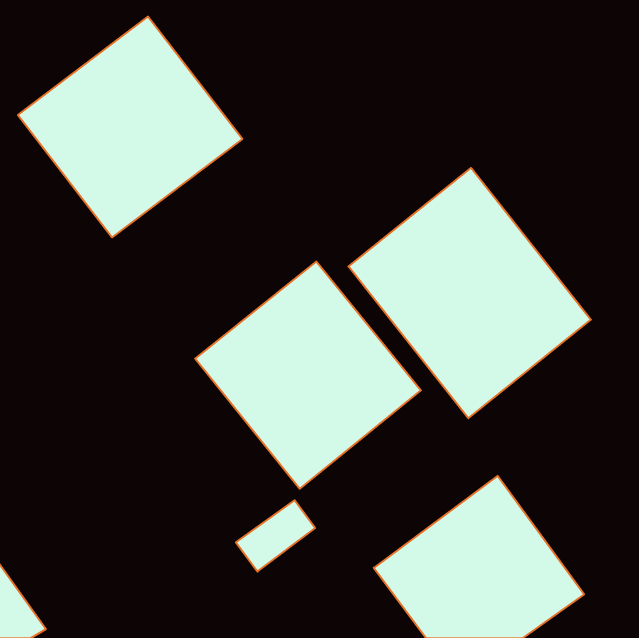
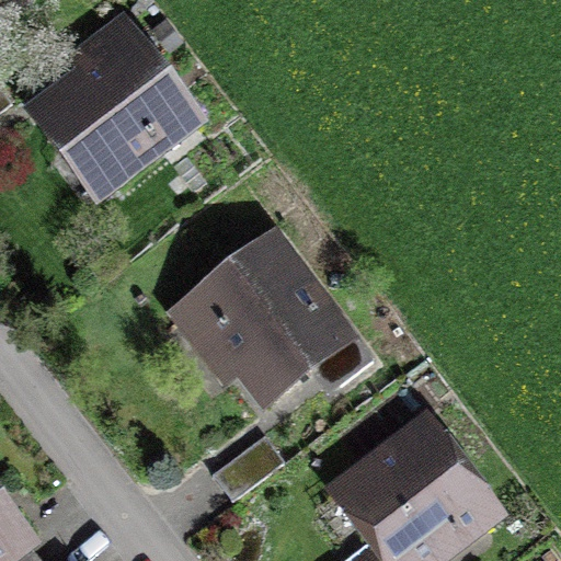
building: [348,168,591,418] -> none

